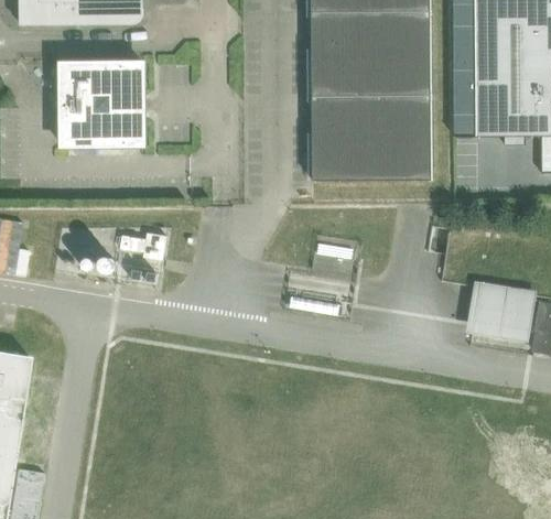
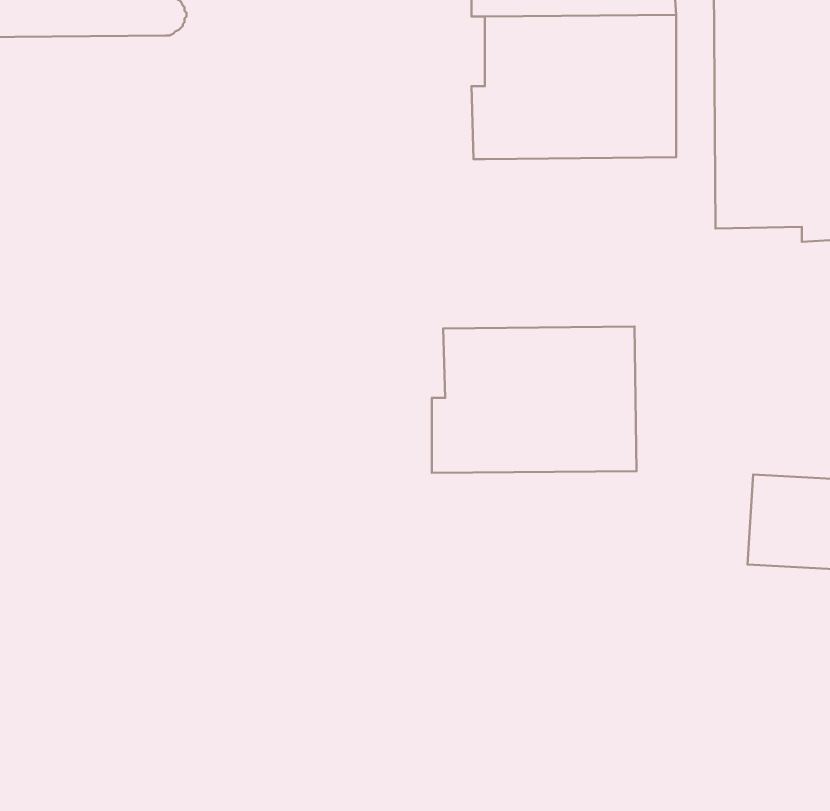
building: [60,62,142,143] -> none
building: [311,94,431,180] -> [432,327,636,473]

